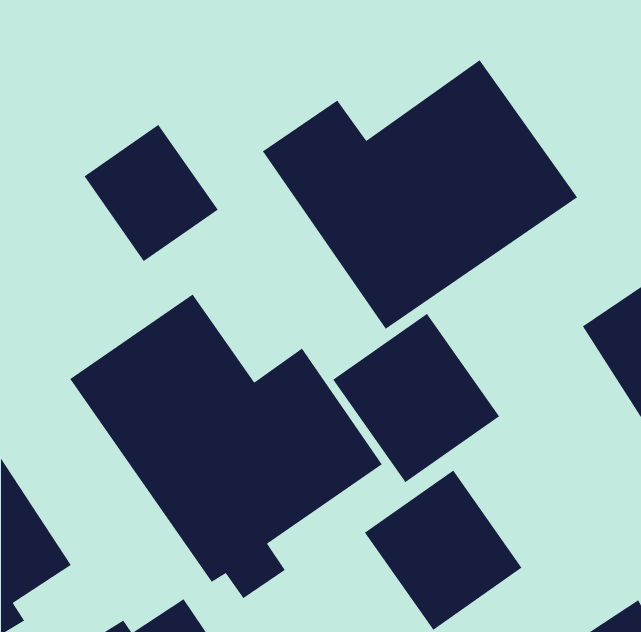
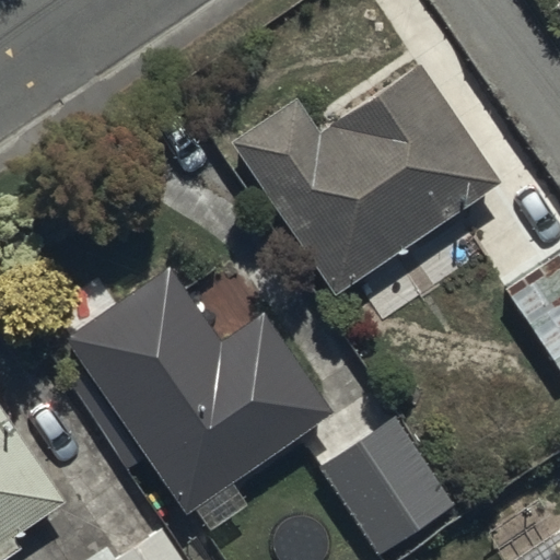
building: [83,124,219,262] -> none
building: [332,313,500,483] -> none

